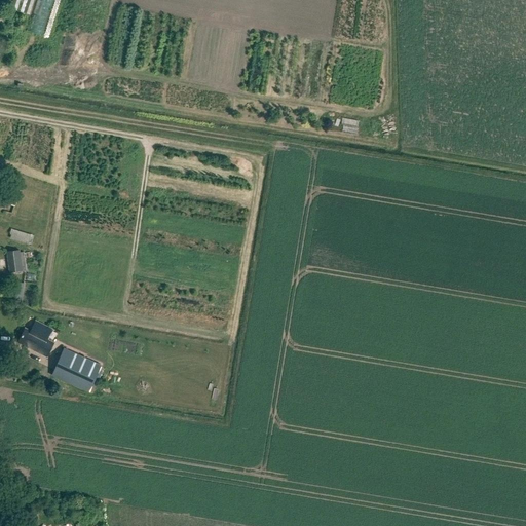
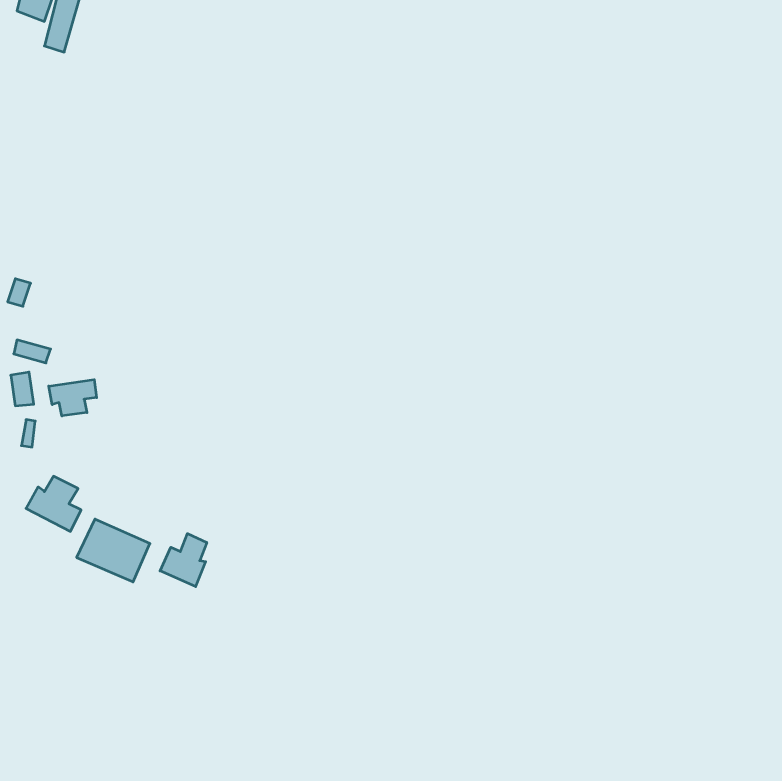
building: none -> [49,380,97,416]
building: none -> [160,534,207,587]

